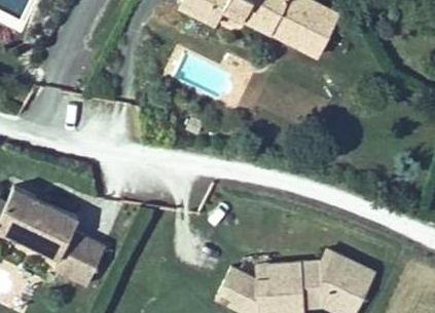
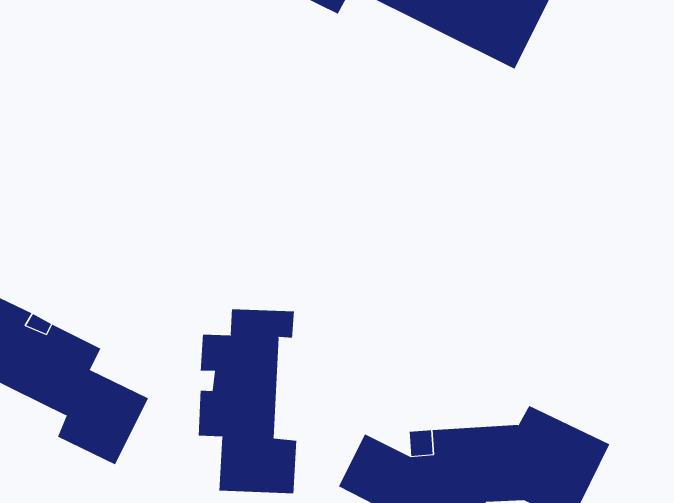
building: none -> [198,308,297,494]

